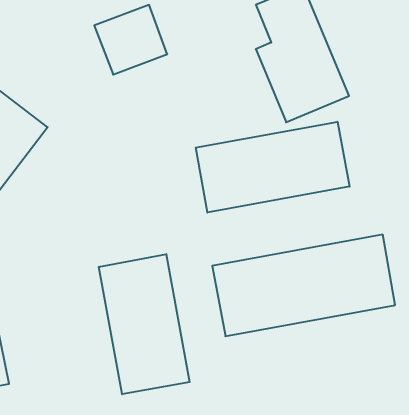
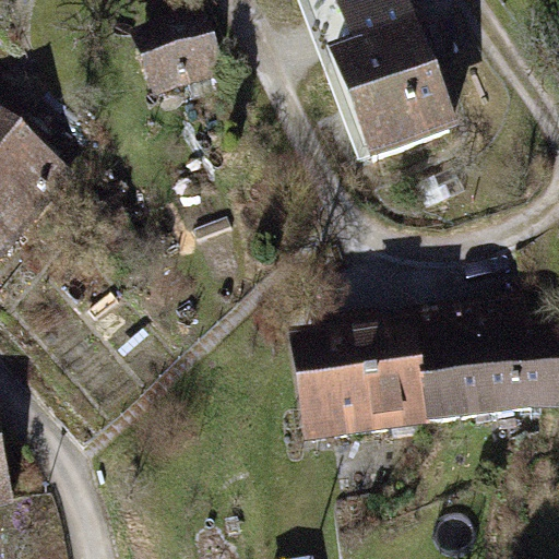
building: [196,122,350,213] -> none
building: [99,254,190,394] -> none

